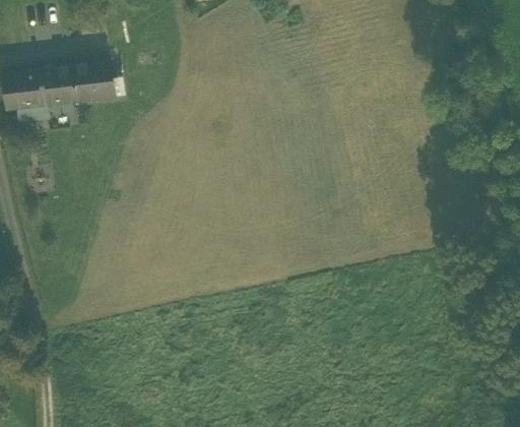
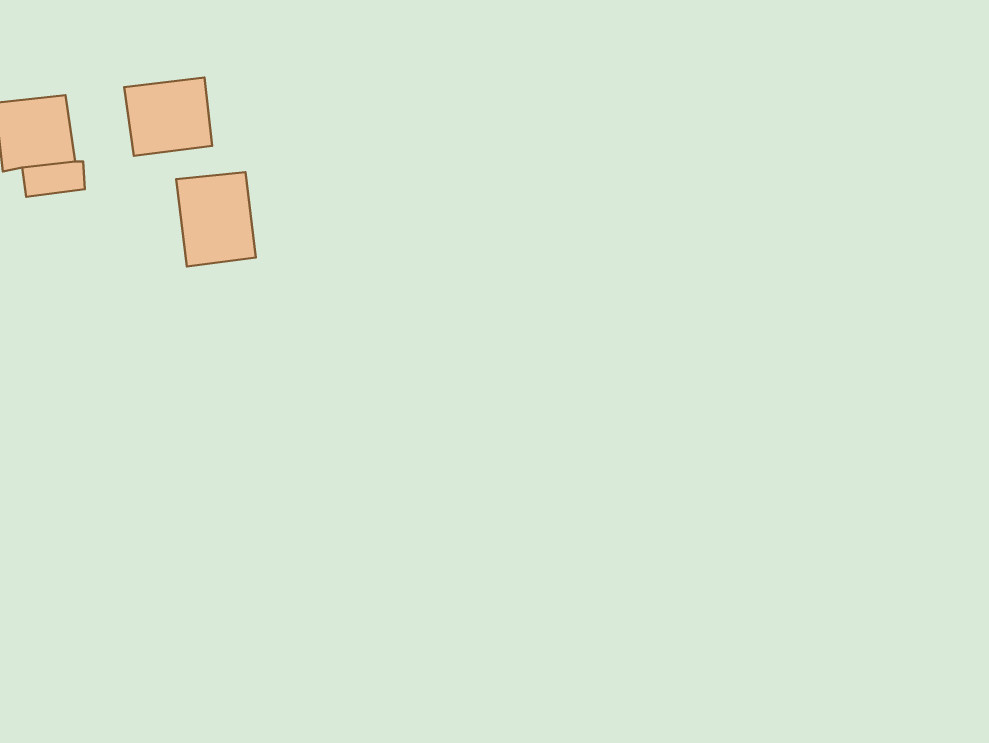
building: [39,69,74,108] -> none
building: none -> [176,172,256,266]

